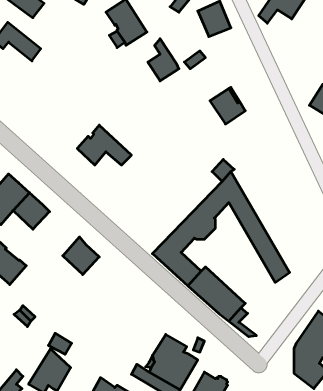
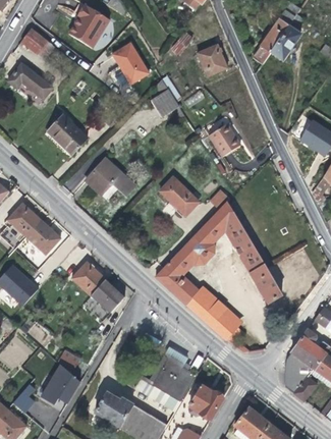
building: none -> [48,114,88,154]
building: none -> [160,176,199,215]
building: none -> [91,279,124,313]

